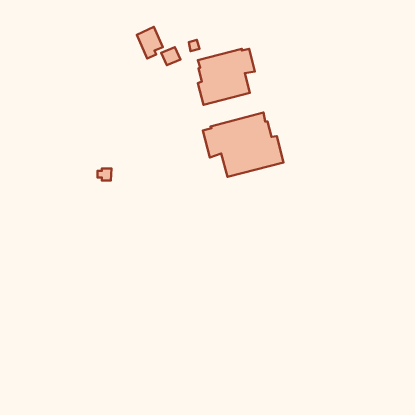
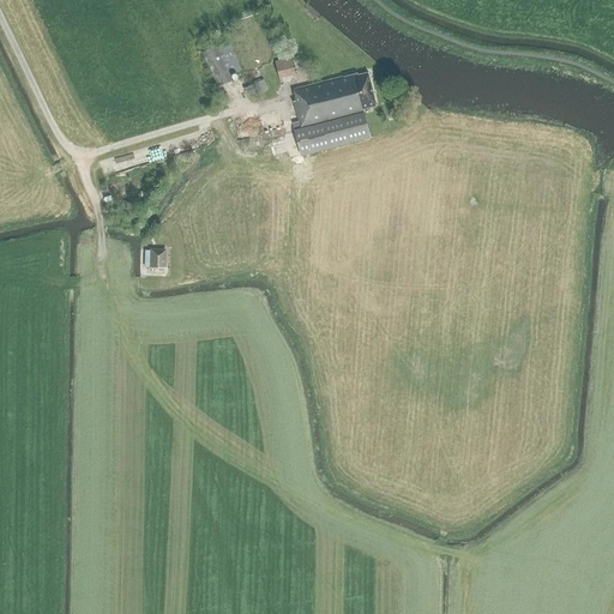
building: [203,113,284,177] -> none

